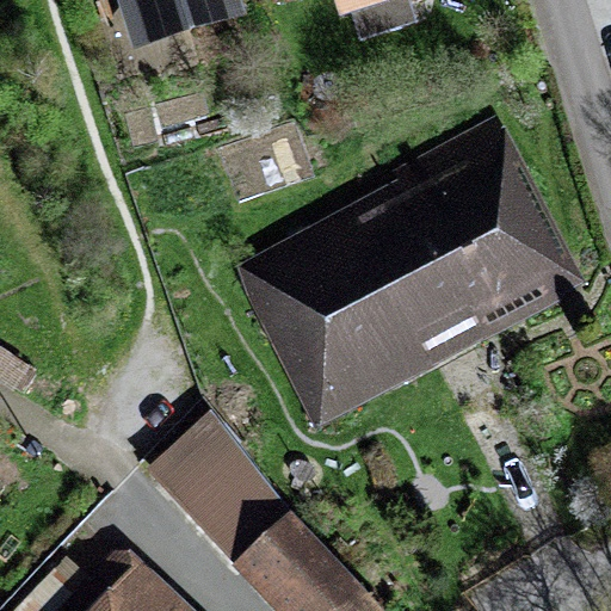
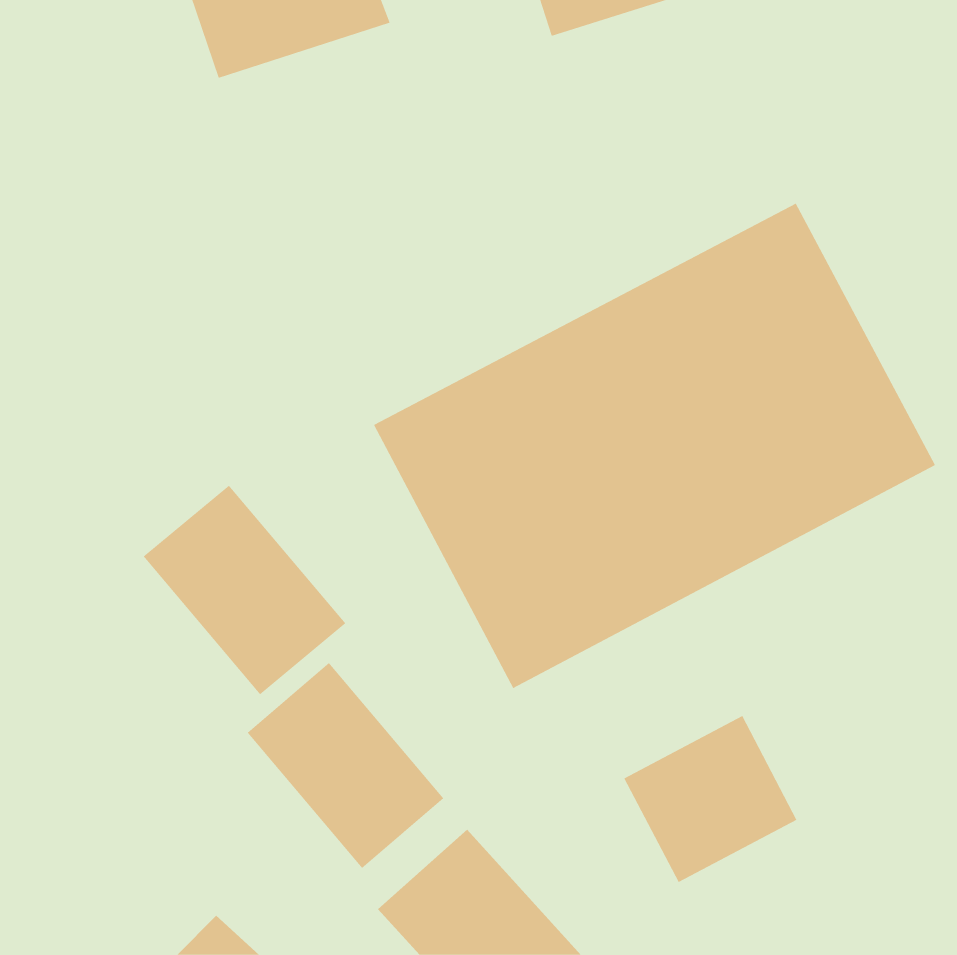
building: none -> [143,485,346,695]
building: none -> [624,715,797,883]

